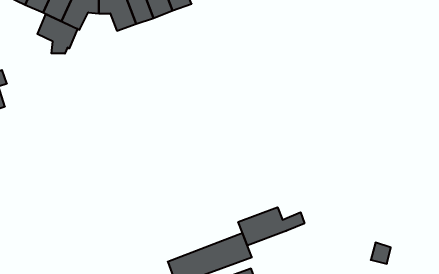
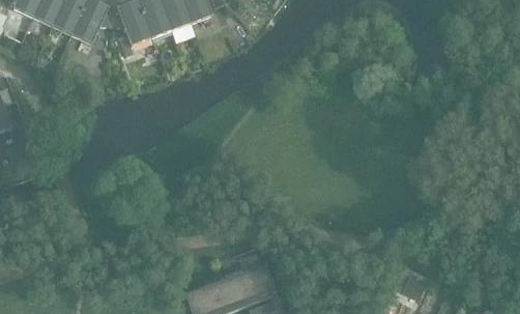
building: [37,14,78,54] -> none
building: [238,207,304,246] -> none

